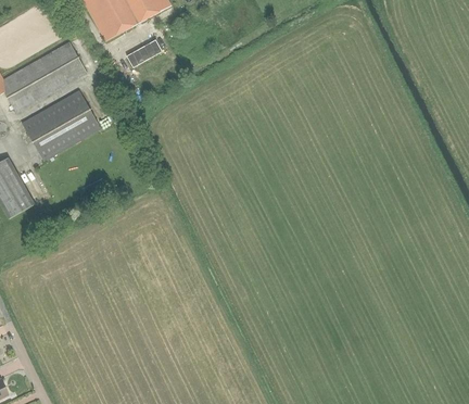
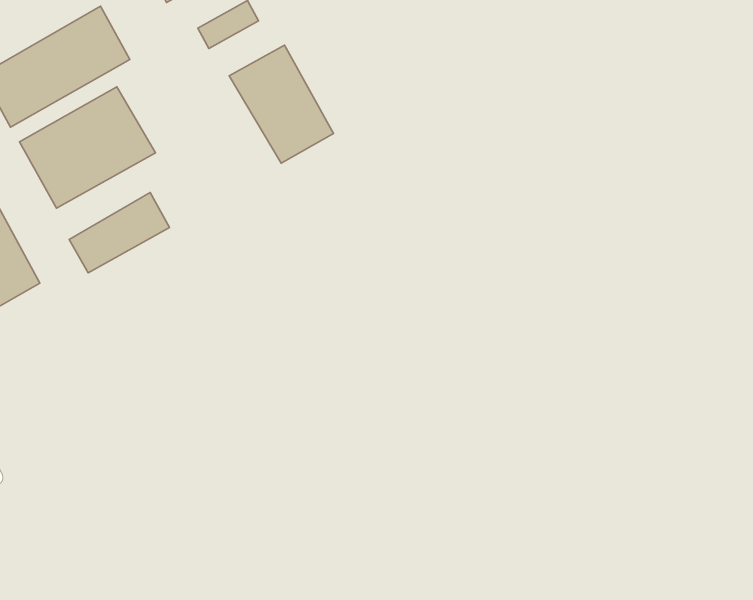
building: none -> [229,45,334,163]
building: none -> [69,192,170,273]

